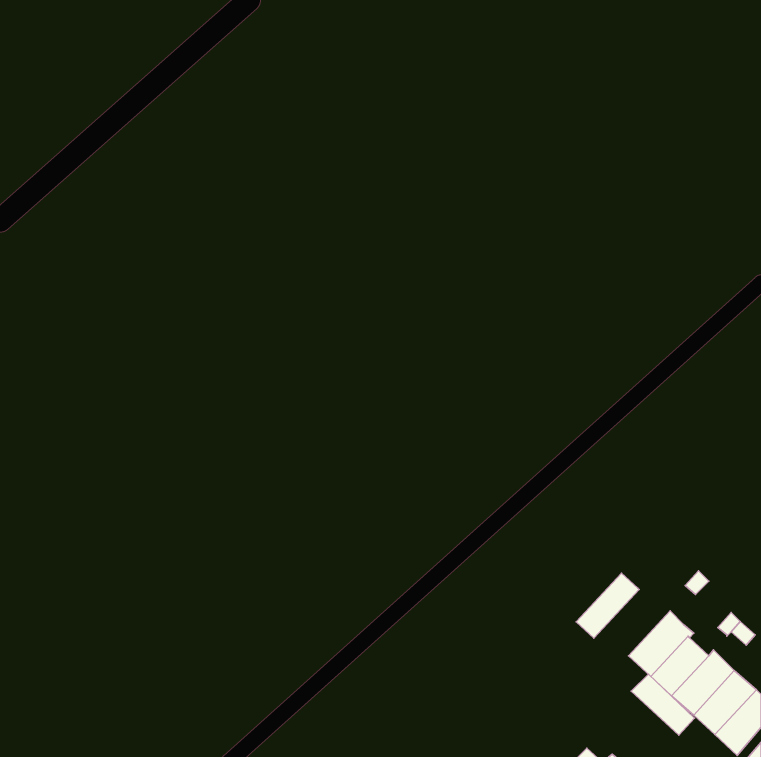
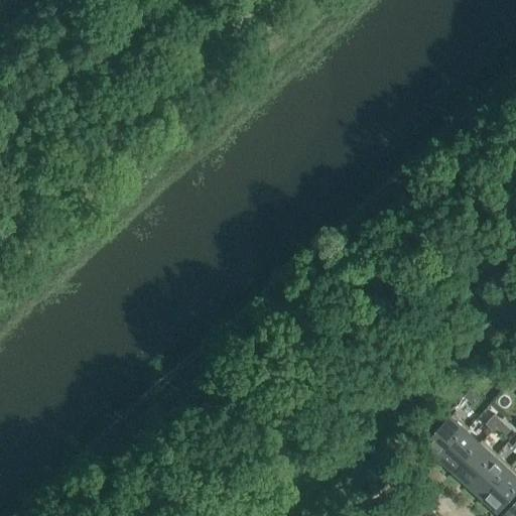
building: [576,573,639,638] -> none
building: [631,674,695,735] -> none

